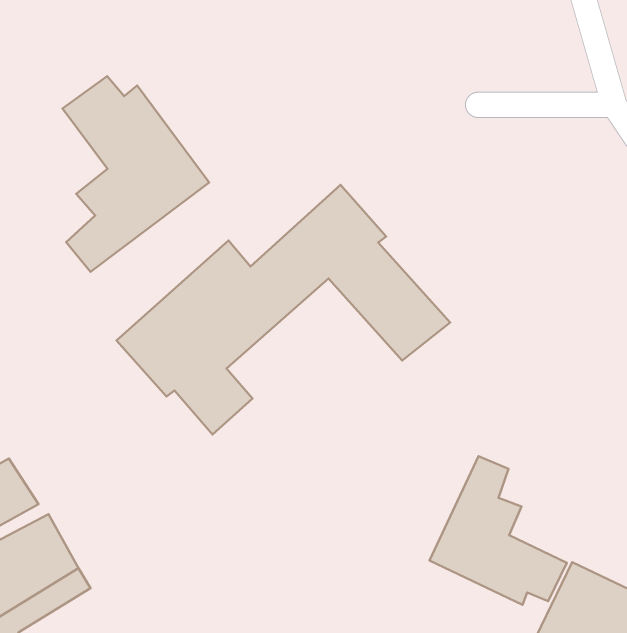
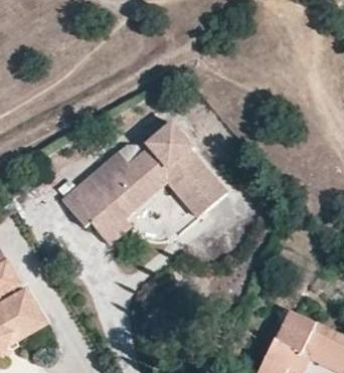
building: [63,76,209,272] -> none
building: [430,456,567,605] -> none

